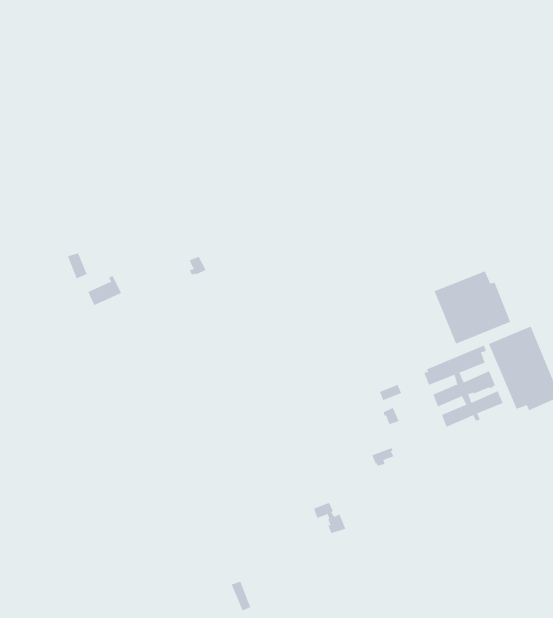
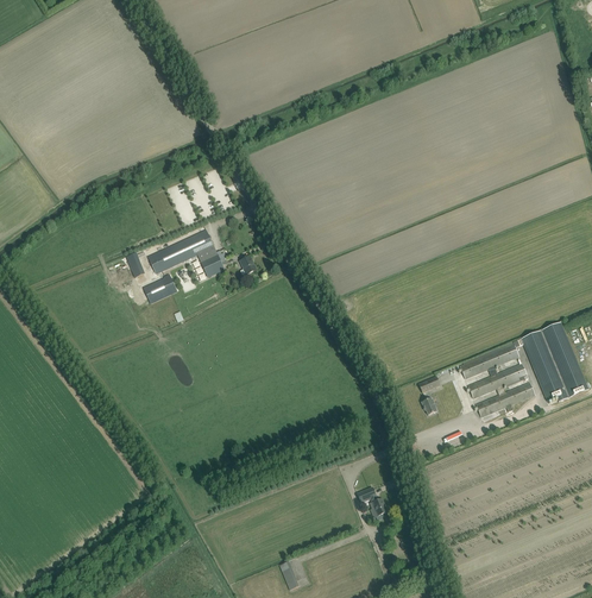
building: none -> [146,229,223,276]
building: [434,270,511,345] -> none

